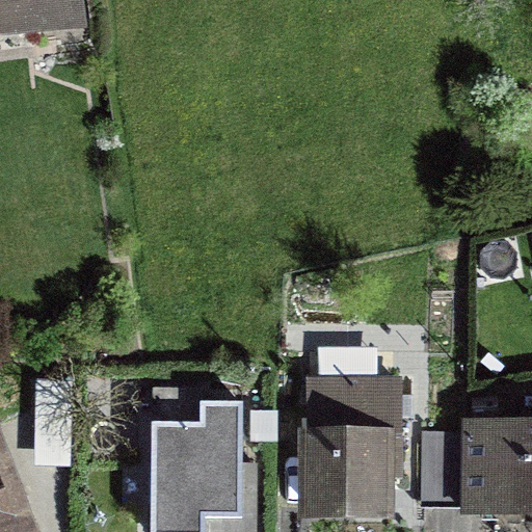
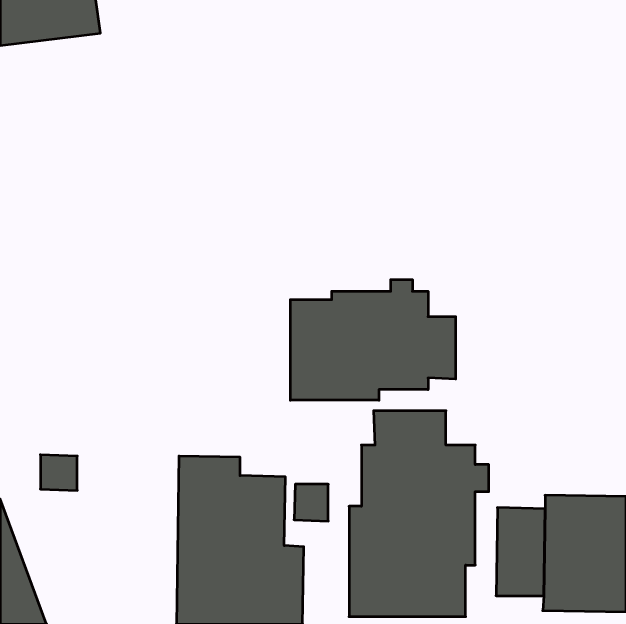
building: none -> [290,280,456,400]

